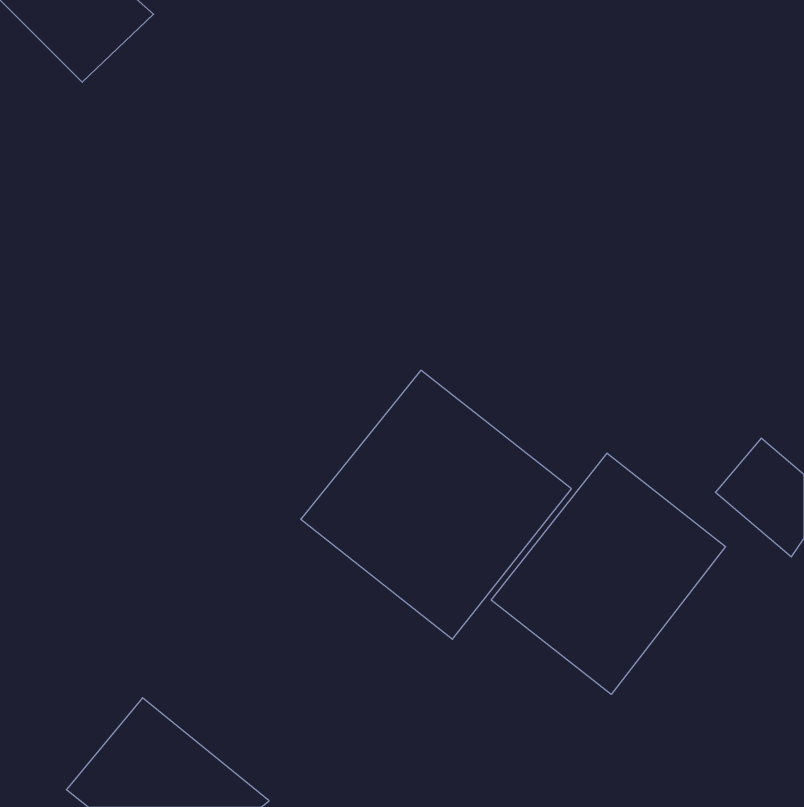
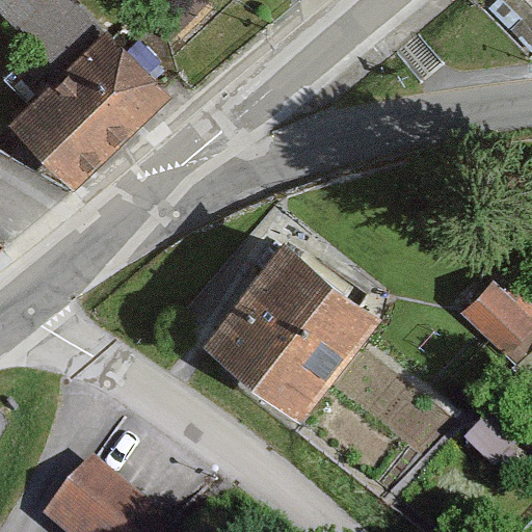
building: none -> [7,33,164,189]
building: [491,453,726,694] -> none

